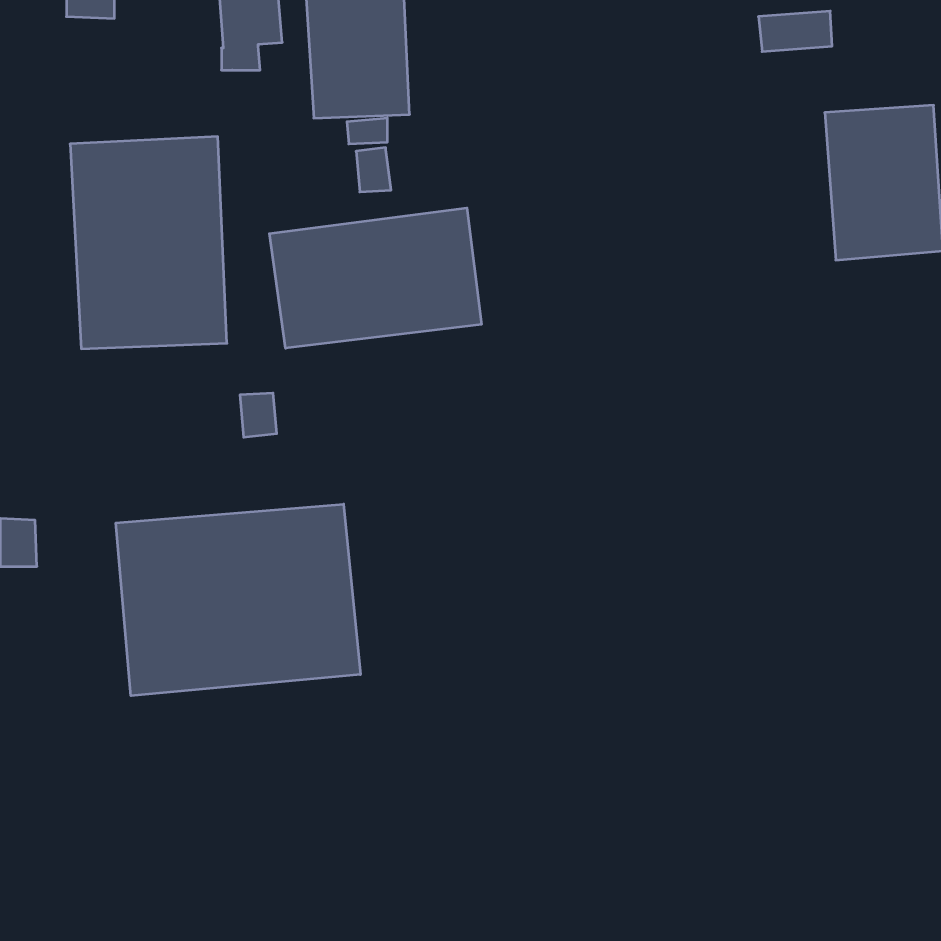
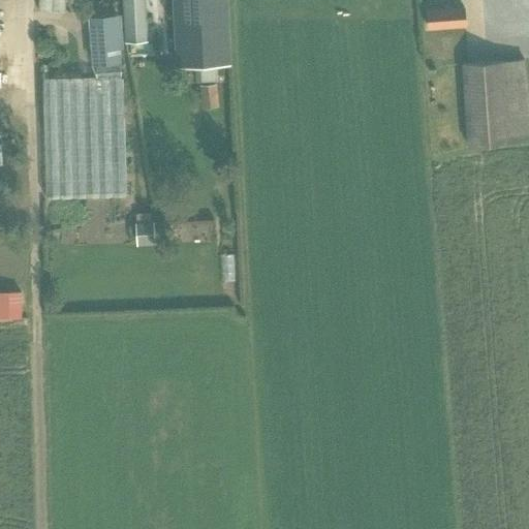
building: none -> [89,13,124,64]
building: [269,208,481,348] -> none
building: [116,504,360,696] -> none

